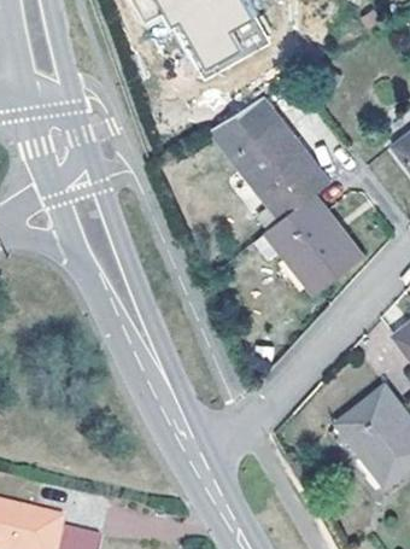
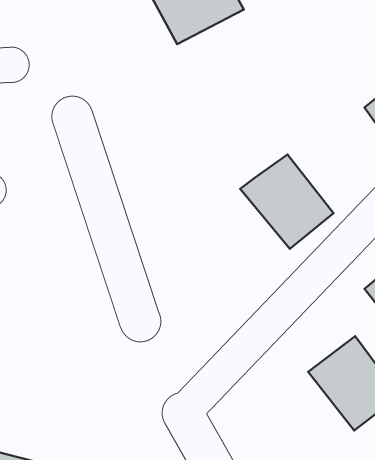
building: [210,94,330,217] -> none

